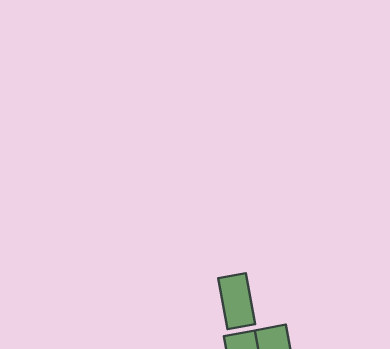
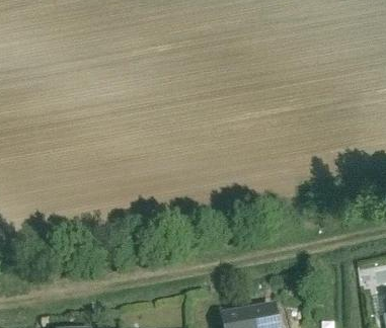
building: [218,273,255,329] -> none

